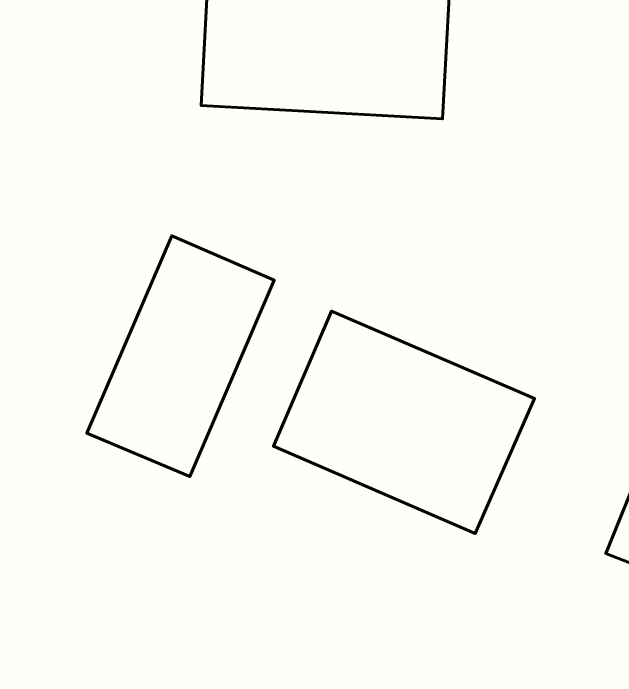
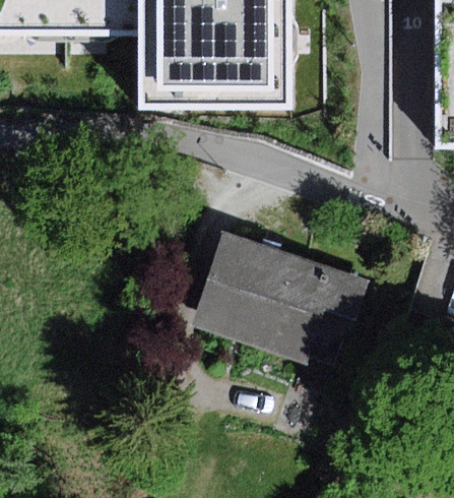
building: [87,236,274,476] -> none

